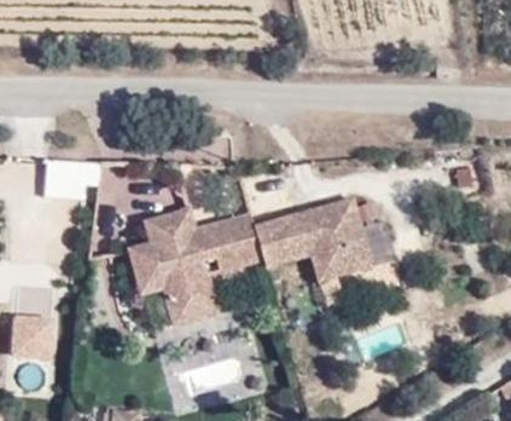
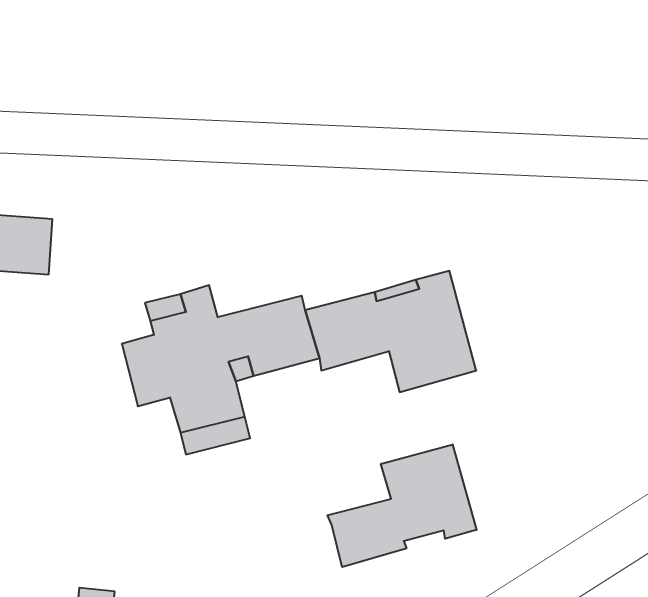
building: none -> [327,444,477,567]

